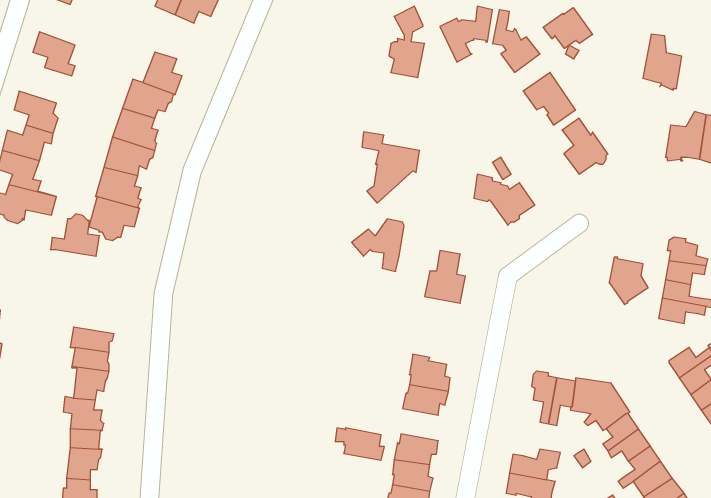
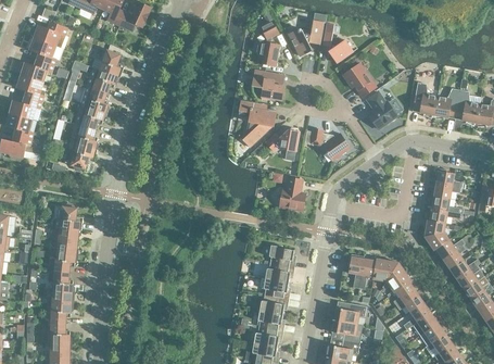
building: [543,8,593,48] -> none
building: none -> [34,22,68,48]
building: [643,34,682,90] -> [413,83,438,118]
building: none -> [21,60,54,83]
building: none -> [253,71,284,100]
building: [50,214,100,256] -> [52,203,84,230]
building: [352,219,404,271] -> [266,127,300,161]
building: [609,257,648,305] -> [425,219,449,250]
building: [335,428,384,460] -> [259,278,291,299]

